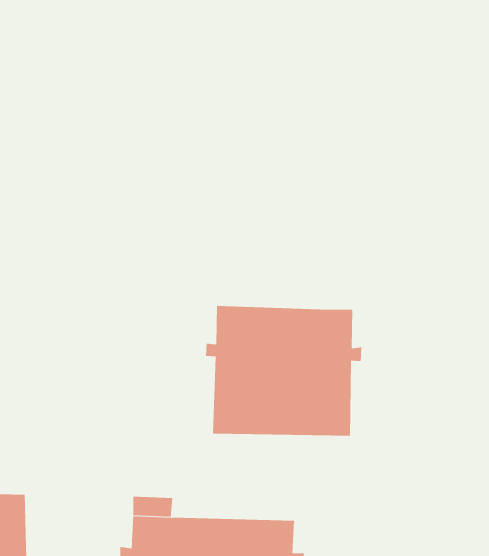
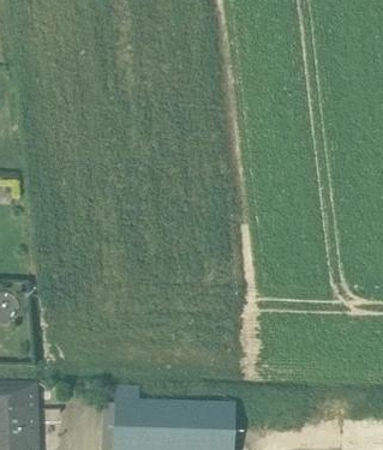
building: [206,305,362,436] -> none

